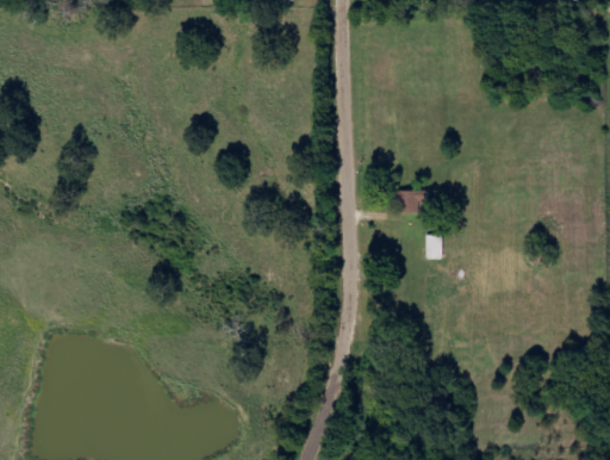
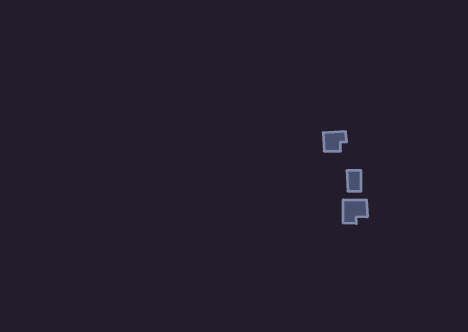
building: none -> [343,200,367,224]

